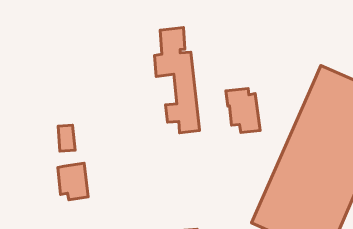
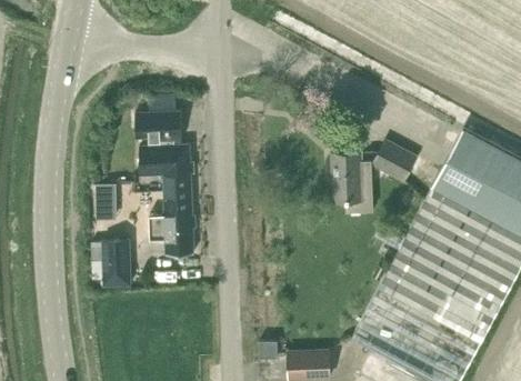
building: [155,28,200,133] -> [139,111,193,255]
building: none -> [372,141,418,182]

